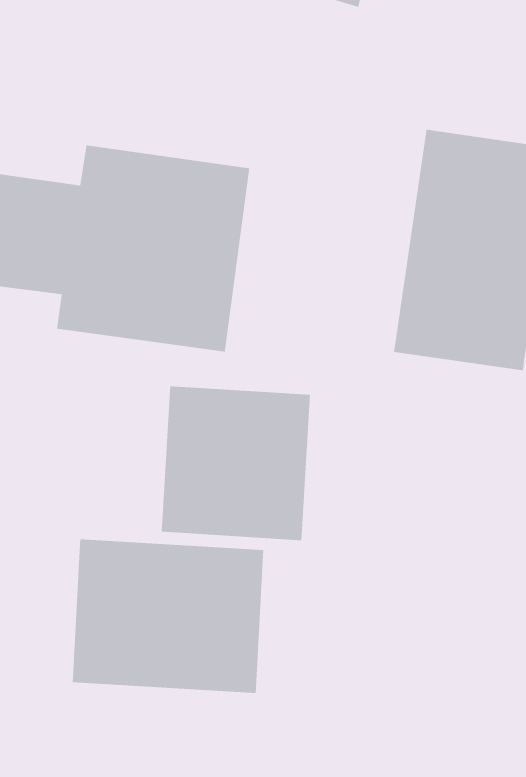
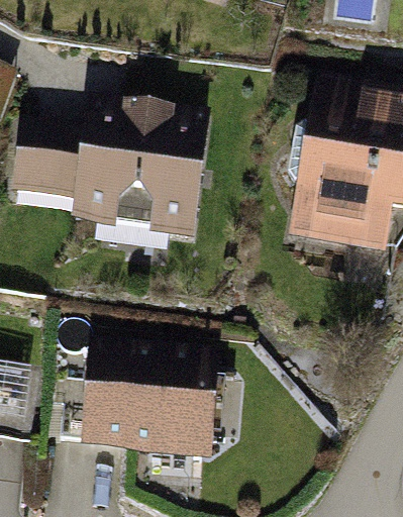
building: [161,385,311,541] -> none

